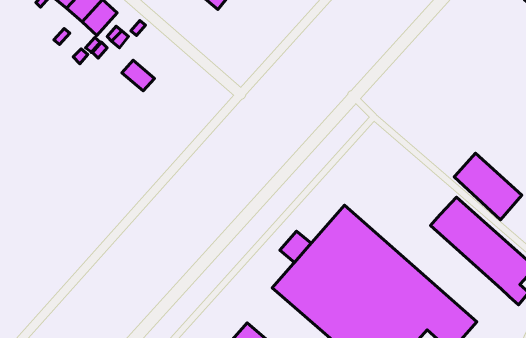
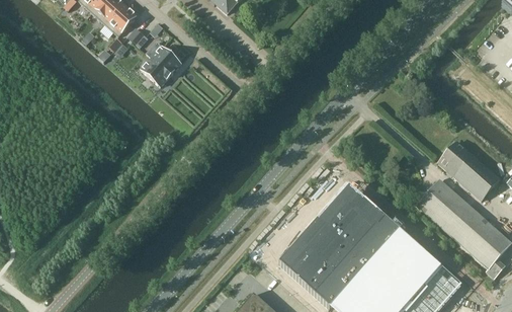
building: none -> [148,40,182,72]
building: [280,231,311,262] -> none

